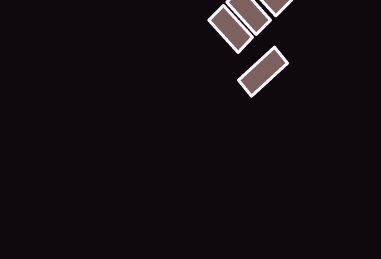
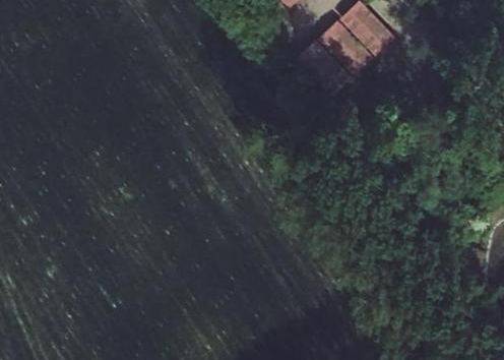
building: [238,47,287,96] -> none

